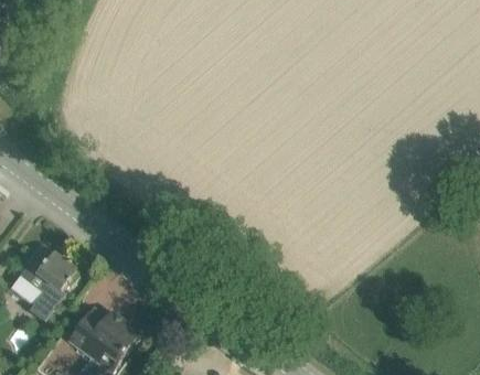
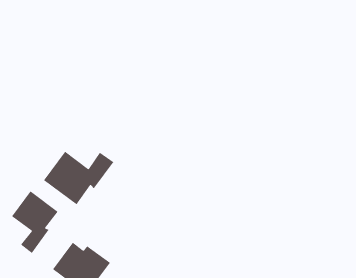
building: none -> [43,151,114,205]

